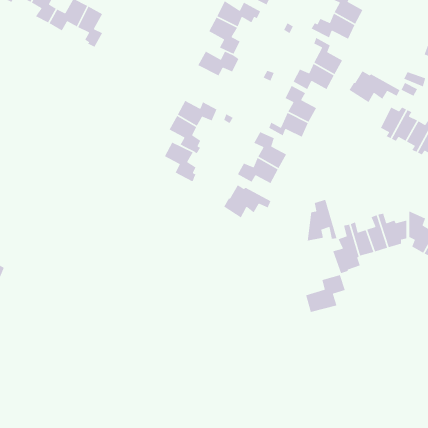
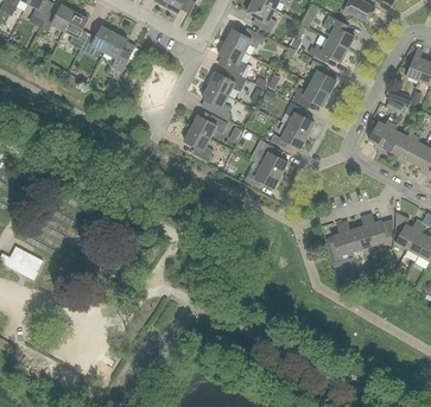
building: [349,70,400,103] -> none
building: [164,141,196,182] -> [202,84,230,120]
building: [223,184,272,218] -> none
building: [307,199,338,241] -> none
building: [305,274,346,313] -> none

